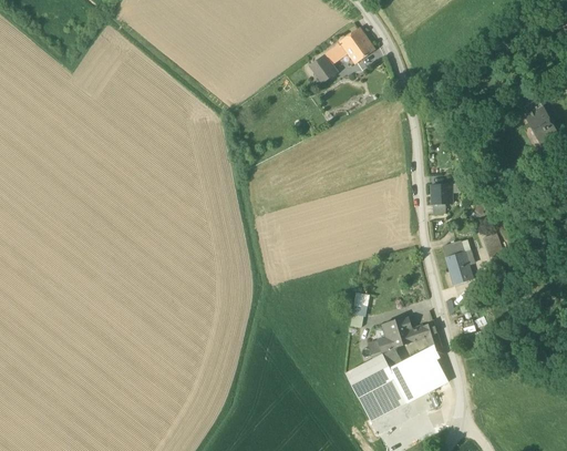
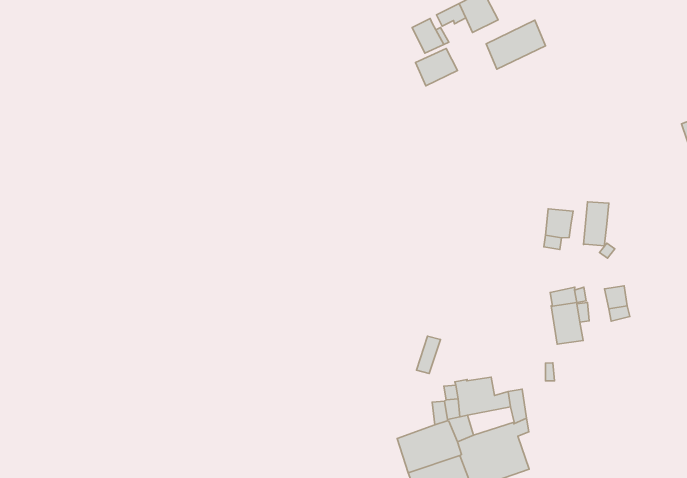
building: none -> [486,20,546,69]
building: none -> [416,48,457,86]
building: none -> [584,202,609,246]

